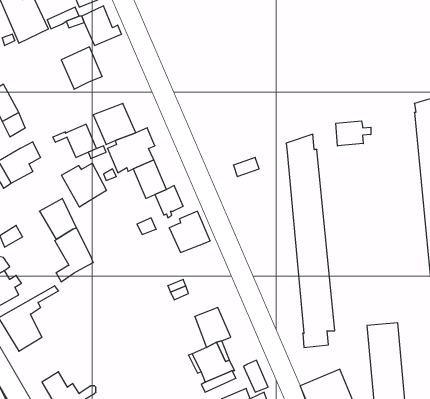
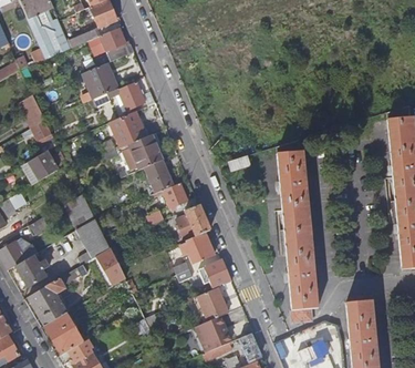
building: [336,121,371,146] -> none
building: [53,124,96,158] -> [106,81,144,110]
building: [62,163,106,207] -> none
building: none -> [180,232,214,263]
building: none -> [95,248,125,286]
building: none -> [203,258,231,287]
building: none -> [43,311,86,355]

